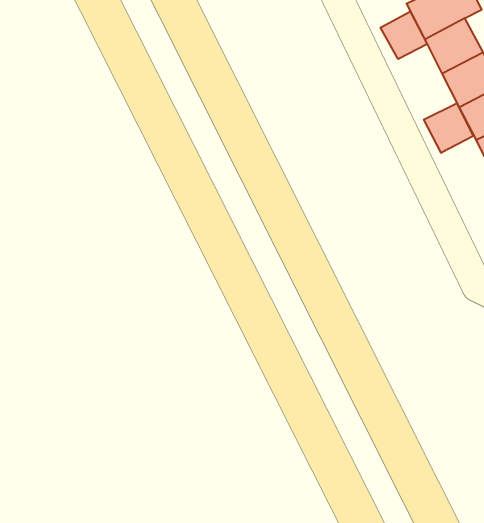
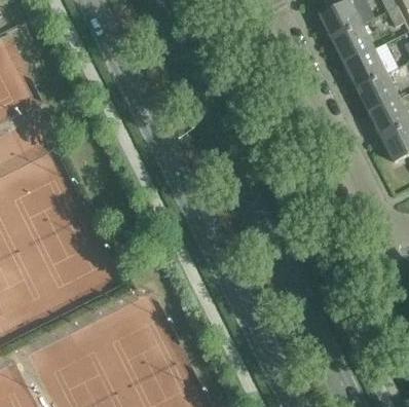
building: [381,12,427,59] -> none
building: [424,103,473,153] -> none

